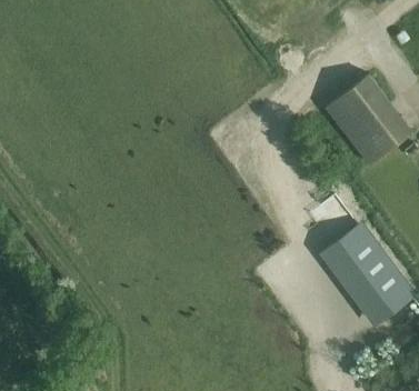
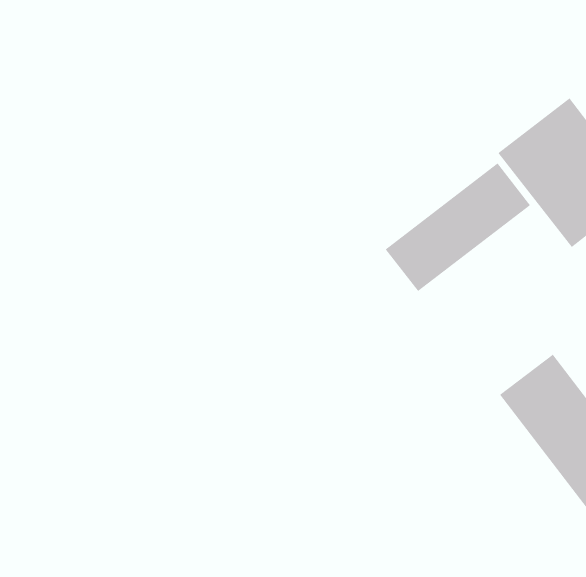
building: none -> [385,162,531,292]

